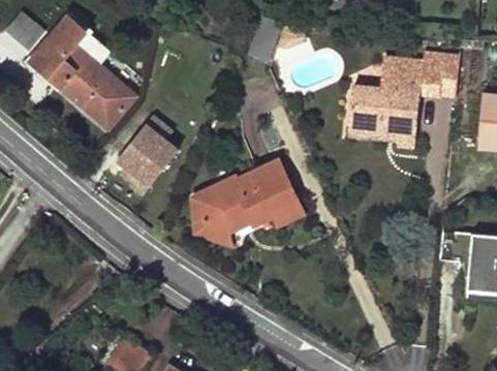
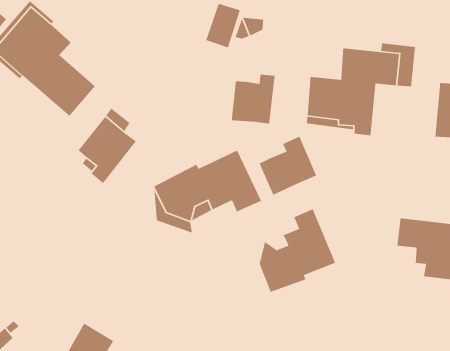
building: none -> [231,74,275,125]
building: none -> [258,136,317,196]
building: none -> [259,208,336,293]

